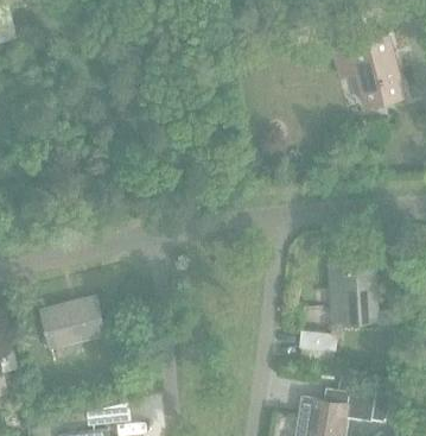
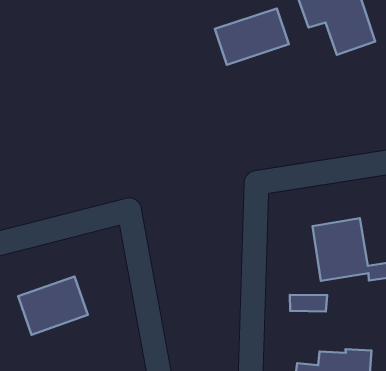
building: none -> [215,8,289,65]

